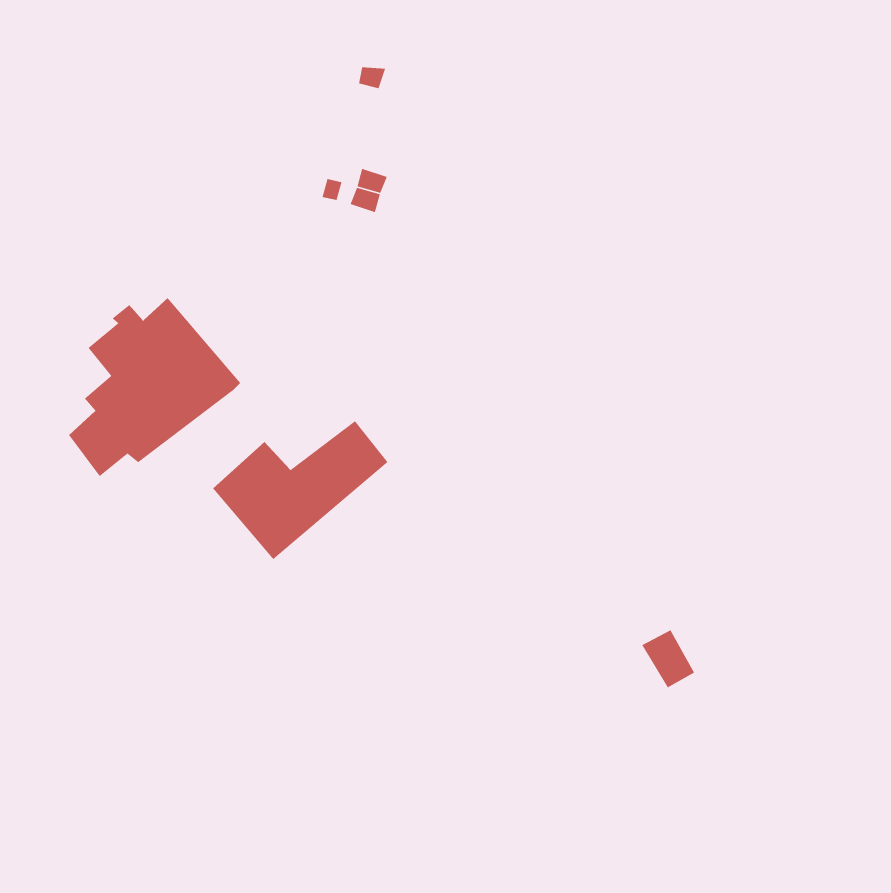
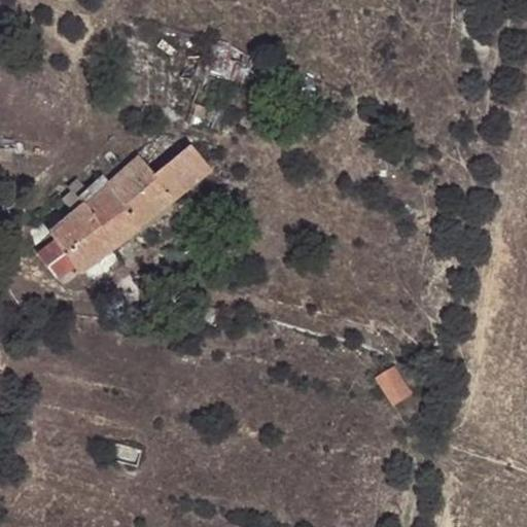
building: [212,420,388,560] -> [107,143,211,225]

